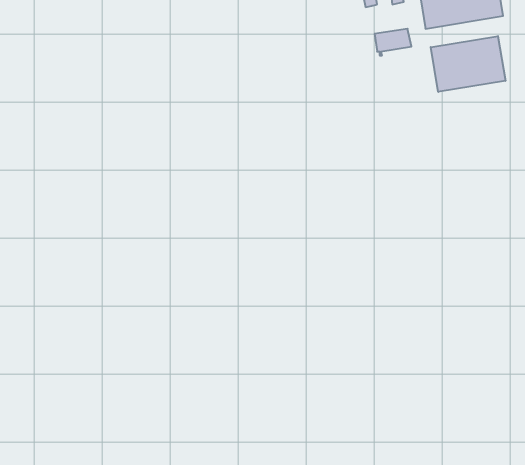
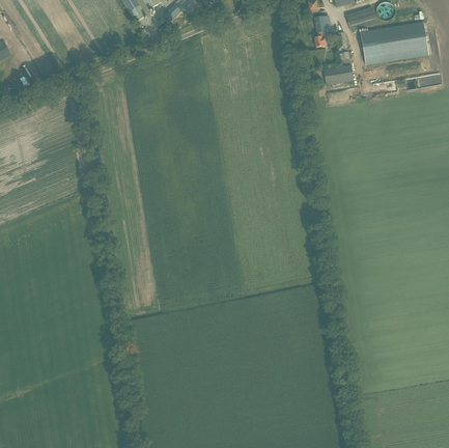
building: [431,36,505,92] -> none

